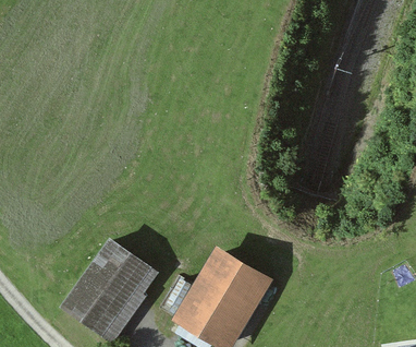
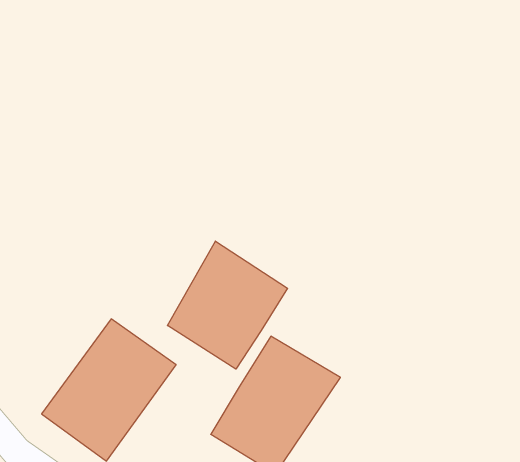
building: none -> [167,241,288,369]

